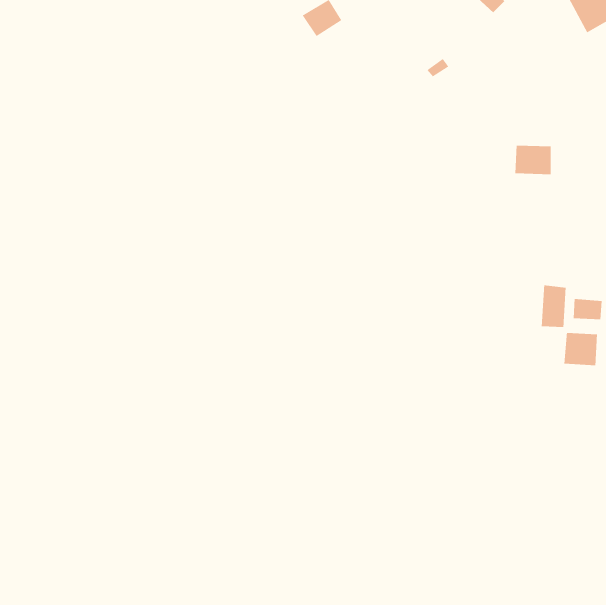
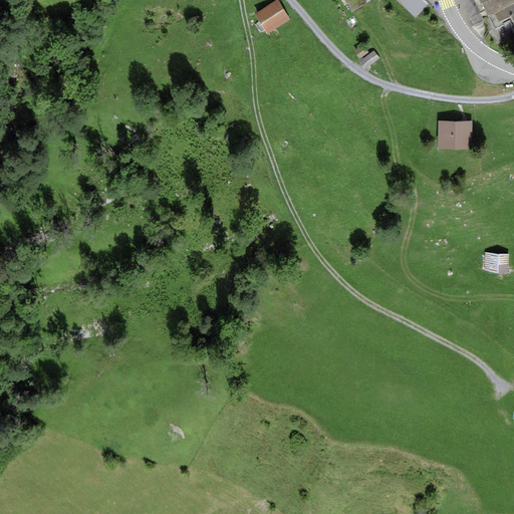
building: [541,285,566,328] -> none
building: [564,332,597,366] -> none

